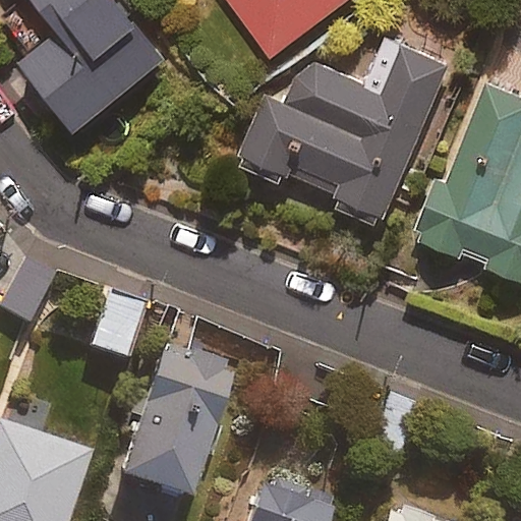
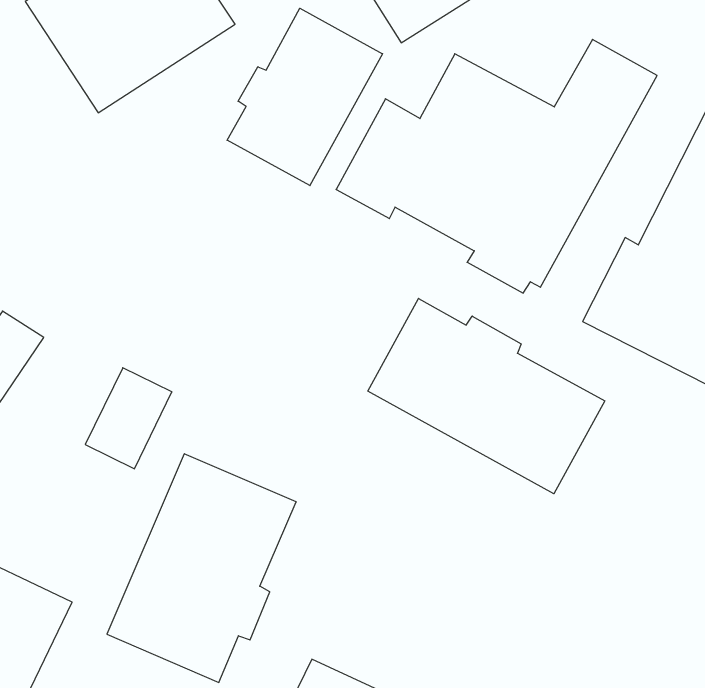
building: none -> [227,8,383,186]
building: none -> [368,298,605,494]

